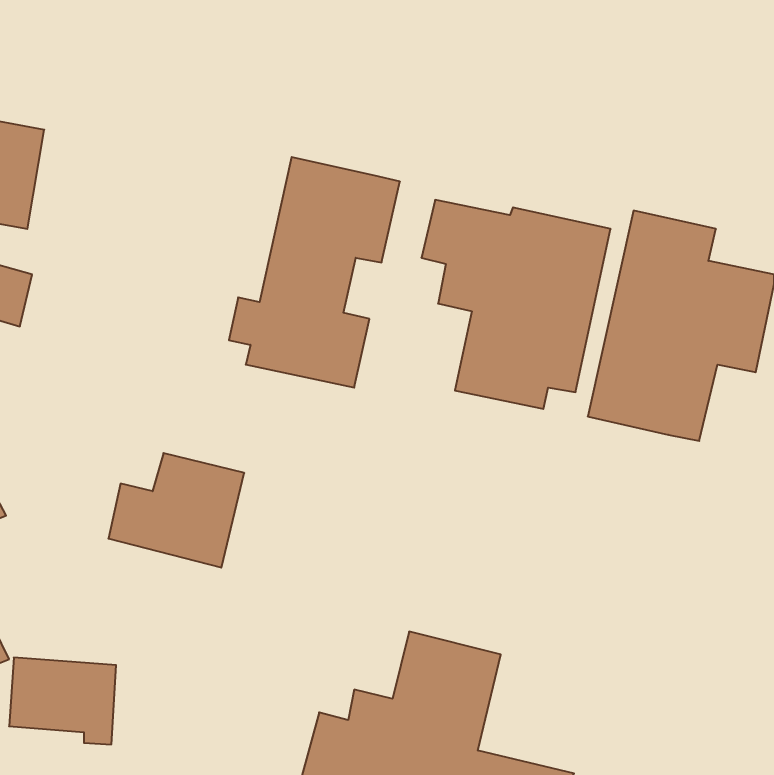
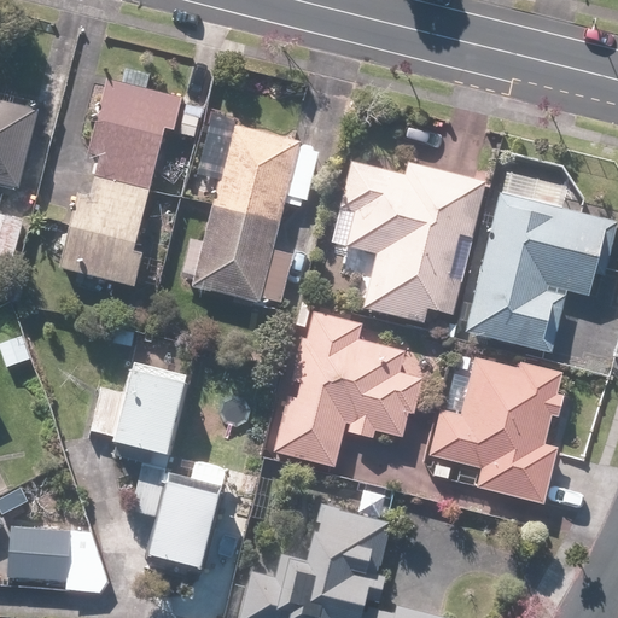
building: none -> [58,82,183,292]
building: none -> [272,307,420,467]
building: none -> [426,354,560,508]
building: none -> [153,462,228,564]

